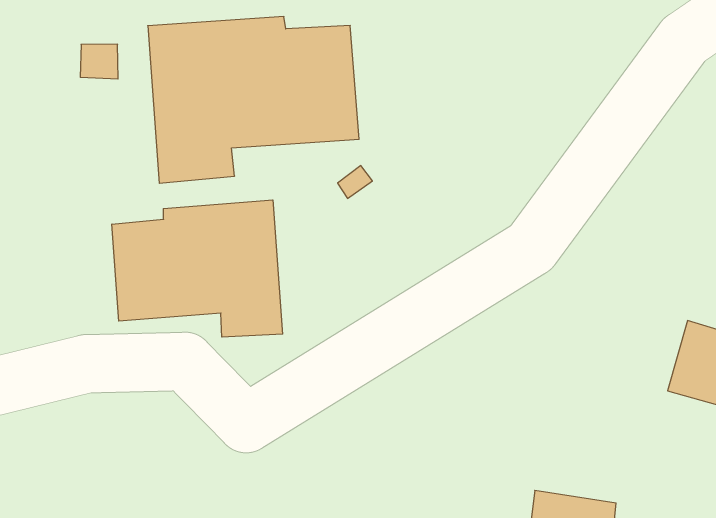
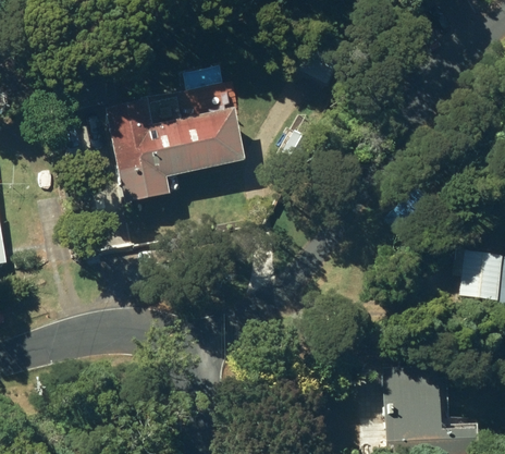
building: [112,200,283,337] -> none

